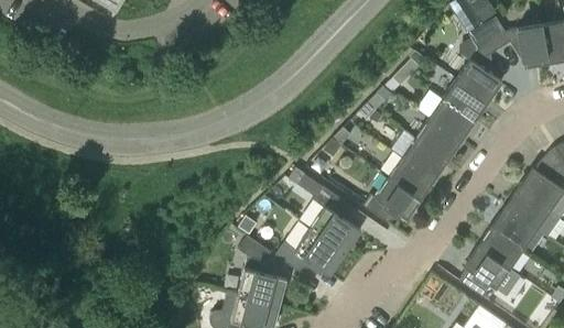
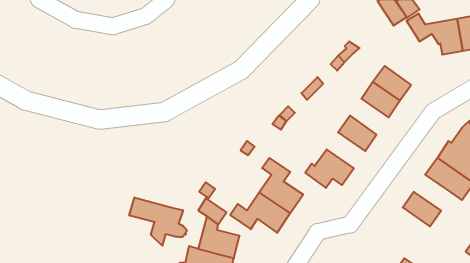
building: [456,28,501,102] -> none
building: [415,119,460,161] -> none
building: [388,158,433,200] -> none
building: [490,208,535,250] -> none
building: none -> [129,198,187,246]
building: [458,247,520,297] -> none

